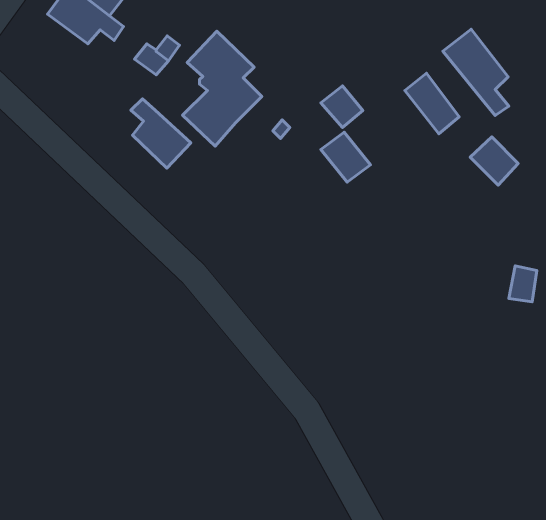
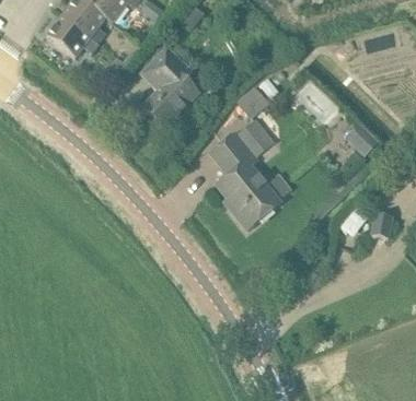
building: [443,29,509,115] -> none
building: [131,99,191,168] -> none
building: none -> [211,130,280,228]

